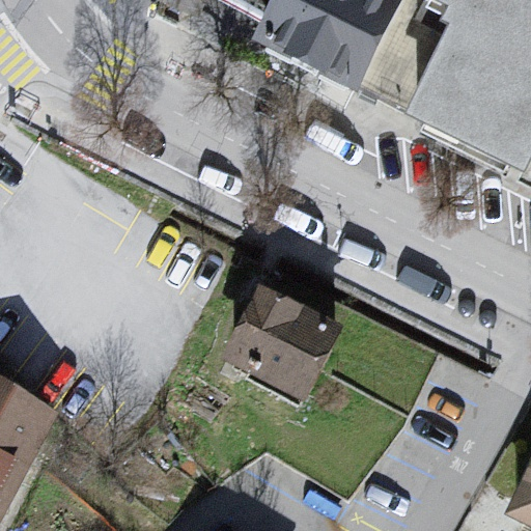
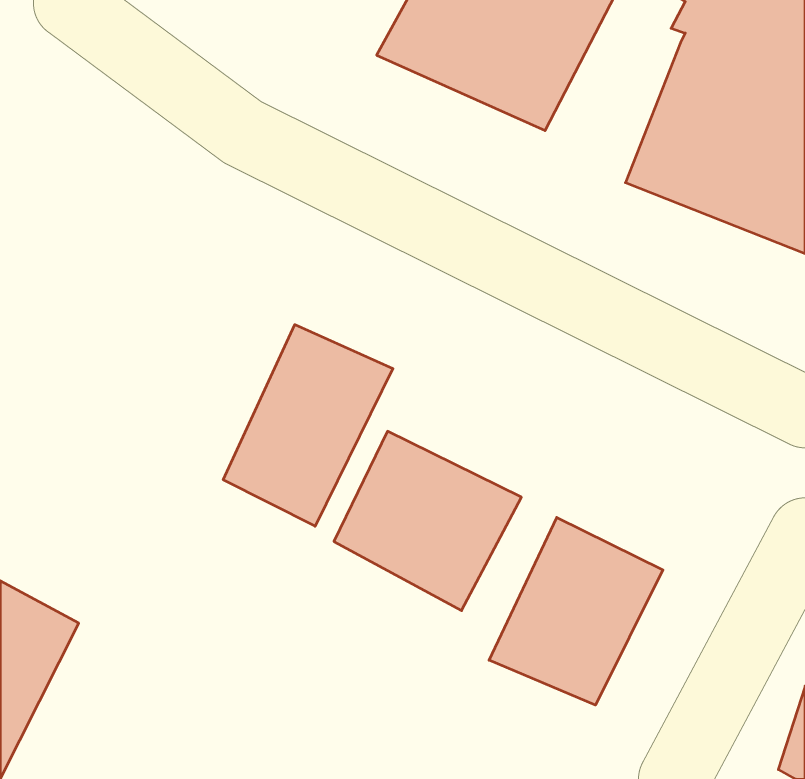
building: none -> [223,325,393,526]
building: none -> [489,517,663,705]

